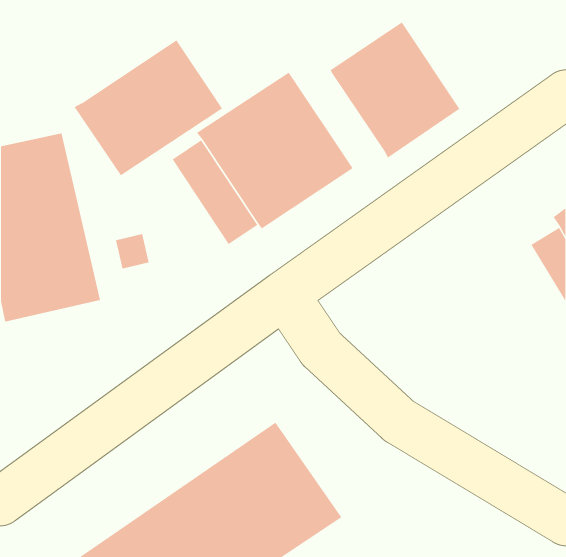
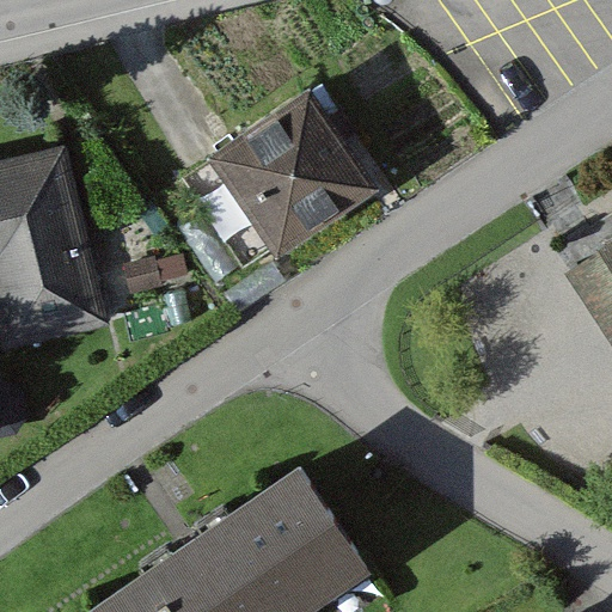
building: [330,21,460,158] -> none
building: [74,40,223,176] -> none

